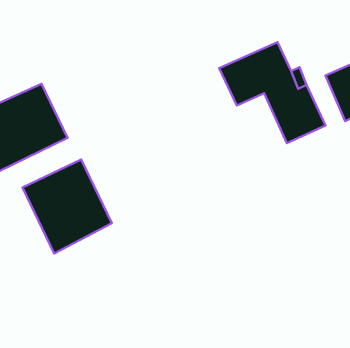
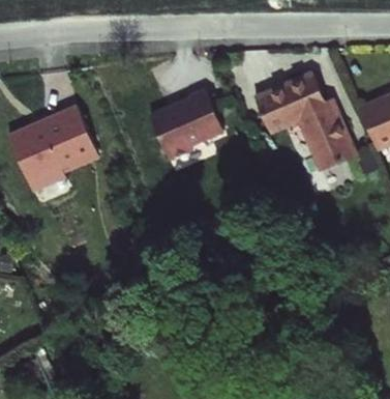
building: none -> [150,92,223,164]
building: [22,160,112,254] -> none

